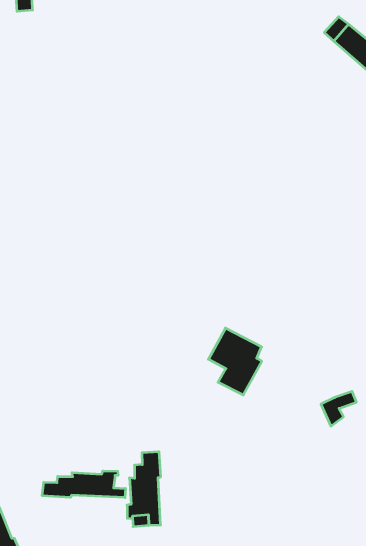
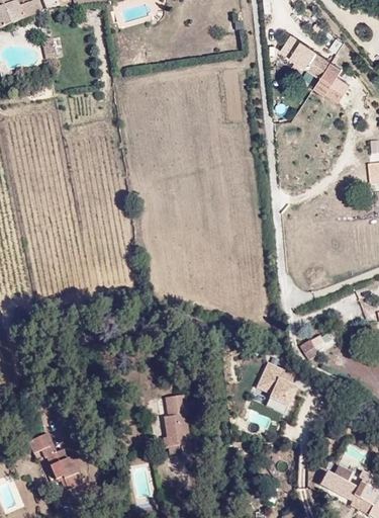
building: [208,328,262,395] -> [254,362,295,413]
building: [42,471,125,498] -> none

